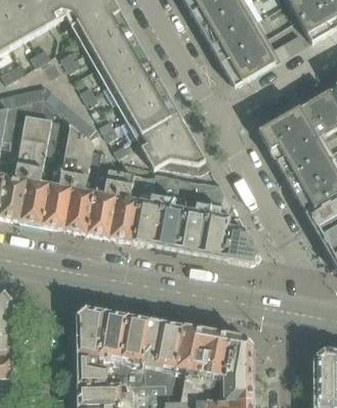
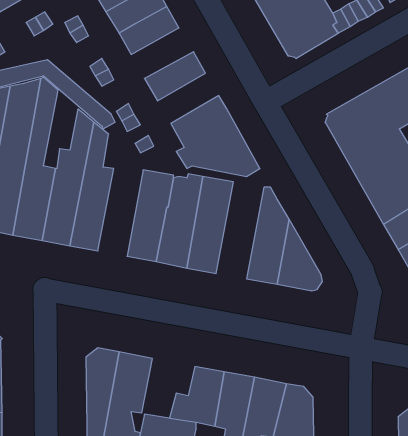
building: [111,60,159,99] -> none
building: [131,95,178,134] -> none
building: [85,150,120,236] -> none
building: [176,179,213,254] -> none
building: [119,315,160,361] -> none

